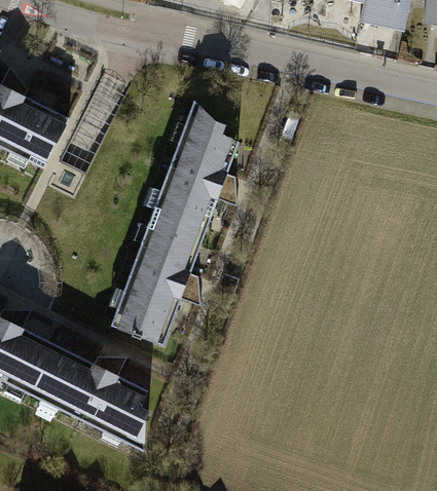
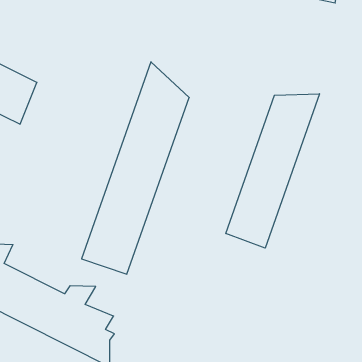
building: none -> [226,94,319,248]

